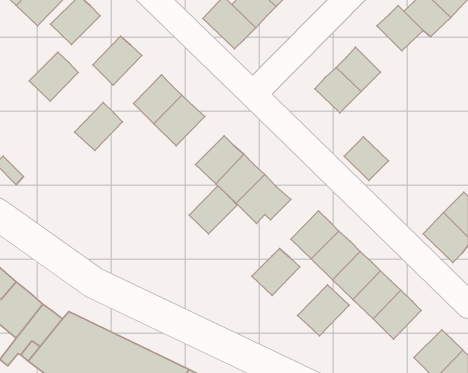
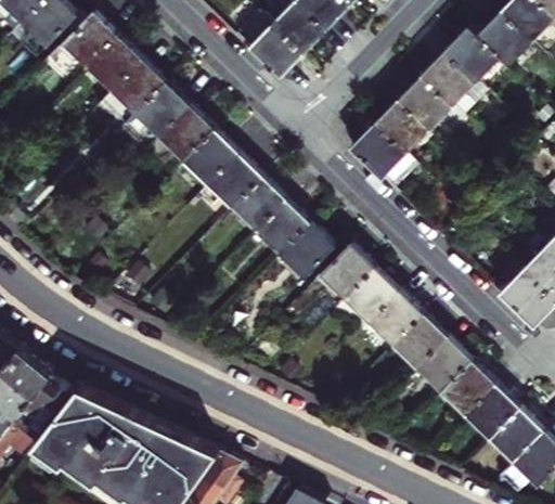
building: none -> [420,51,474,105]
building: [29,52,78,101] -> [87,39,144,96]
building: [75,103,123,151] -> [135,86,192,142]
building: [344,137,388,180] -> [349,125,401,176]
building: [189,186,237,234] -> [209,157,266,214]
building: [252,248,300,295] -> [320,246,376,301]
building: [298,285,349,336] -> none
building: none -> [464,385,520,440]

